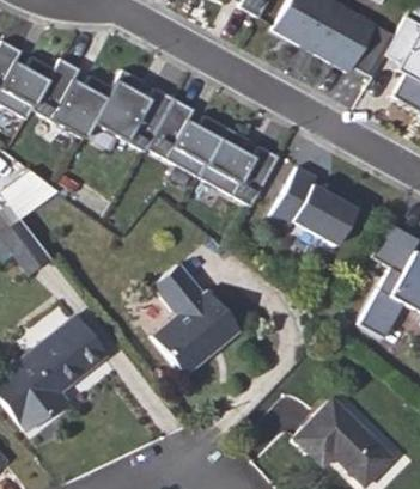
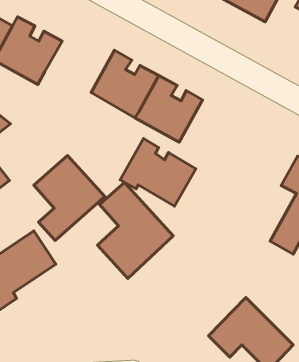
building: [93,74,176,157] -> none
building: [270,171,360,251] -> [120,139,196,206]
building: none -> [34,156,105,241]

